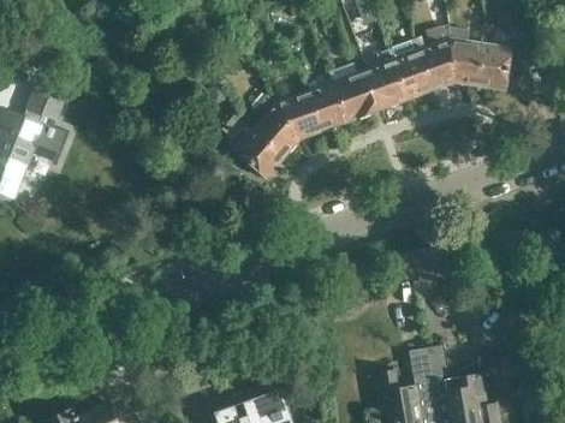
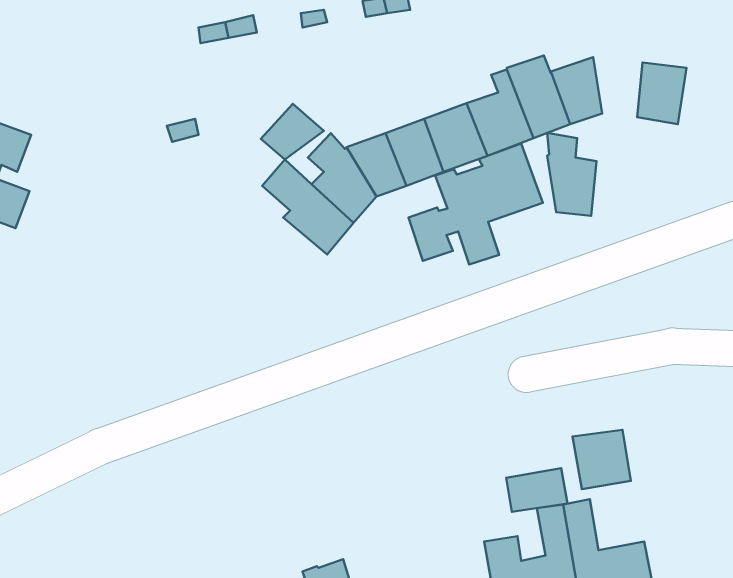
building: [447,26,481,83] -> [547,133,597,216]
building: none -> [261,104,324,159]
building: none -> [409,144,543,265]
building: none -> [573,430,631,489]
building: none -> [506,468,567,512]

